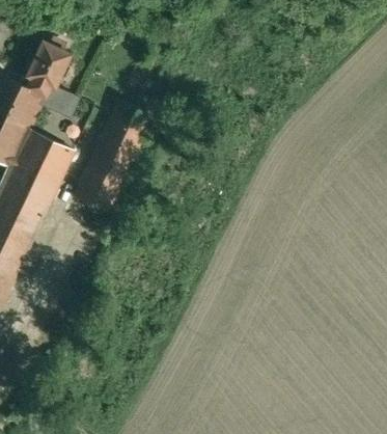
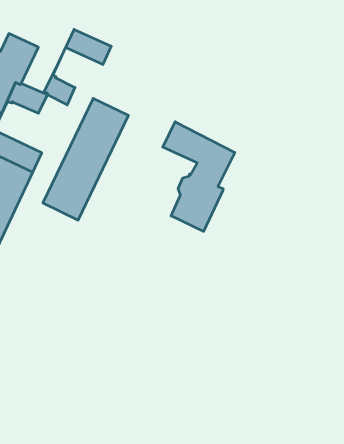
building: none -> [44,29,111,105]
building: none -> [163,122,235,231]

